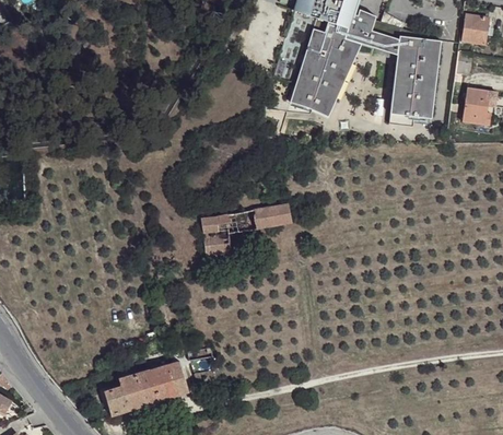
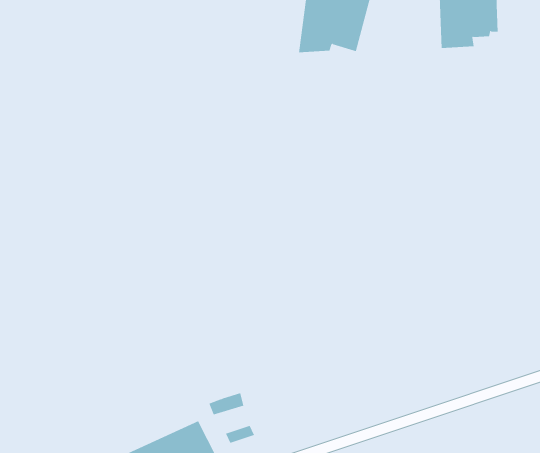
building: [202,204,291,259] -> none

